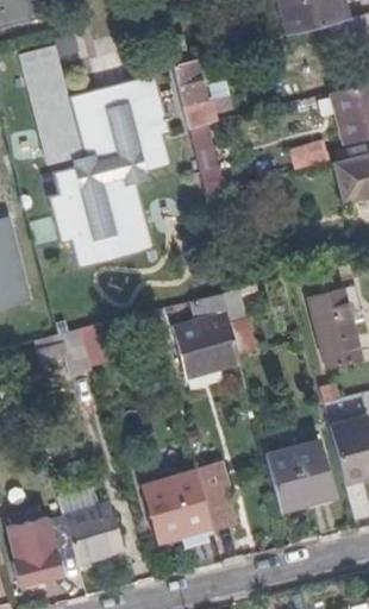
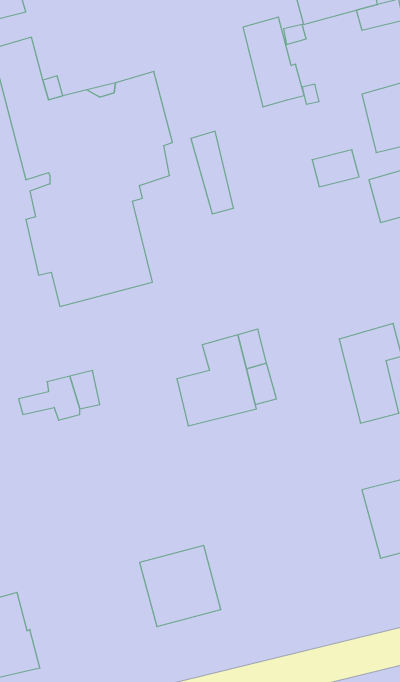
building: [170,55,221,130] -> [243,17,304,107]
building: [265,440,334,507] -> none
building: [198,459,240,530] -> none
building: [57,484,124,559] -> none

